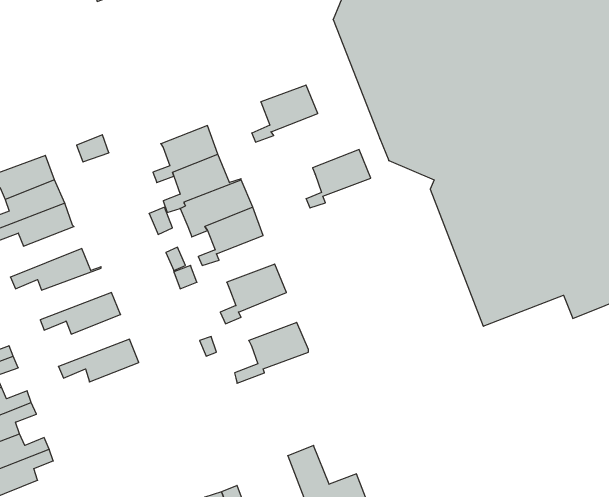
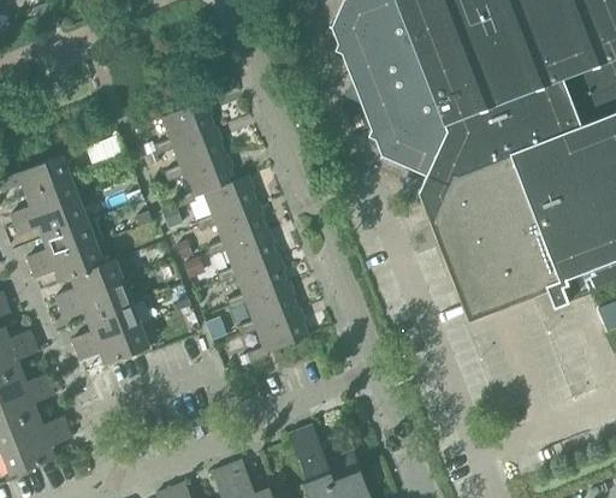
building: [252,85,318,142] -> [153,100,214,153]
building: [306,150,371,208] -> [217,229,277,283]
building: none -> [28,217,102,267]
building: none -> [55,259,125,307]
building: none -> [237,281,297,337]
building: none -> [71,302,142,350]

